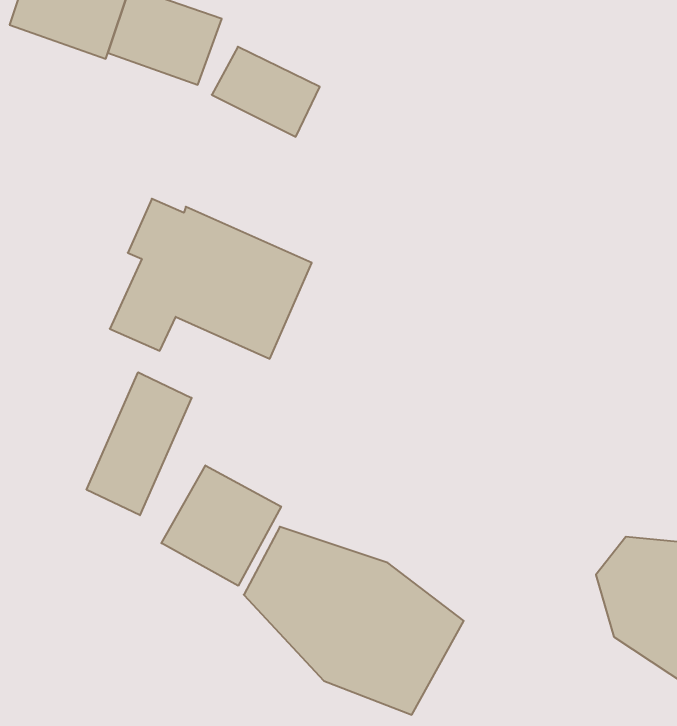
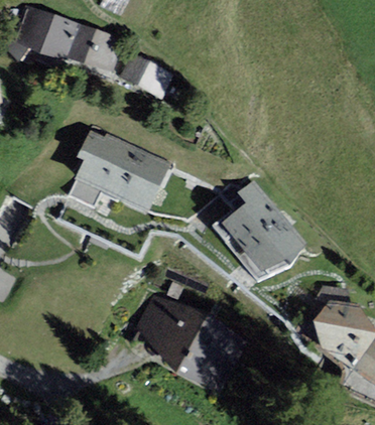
building: none -> [219,179,304,272]
building: [87,372,192,515] -> none
building: [161,465,281,586] -> none

